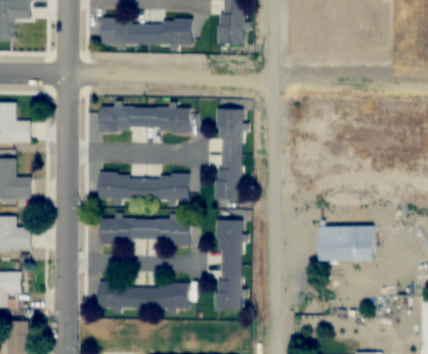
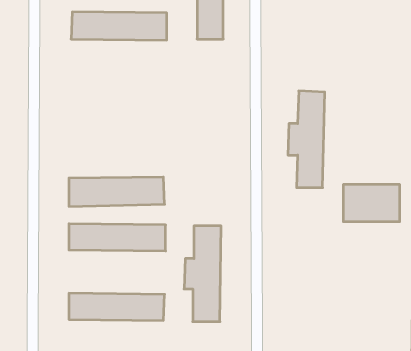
building: [100,106,190,131] -> none
building: [208,108,243,200] -> [288,91,325,188]
building: [319,226,373,261] -> [343,185,400,222]

